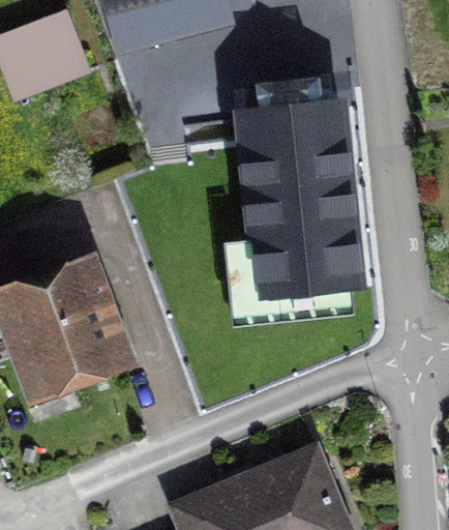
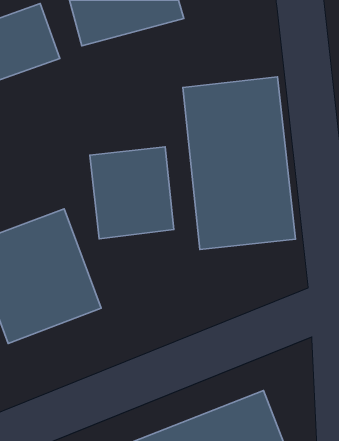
building: none -> [90,147,174,239]

